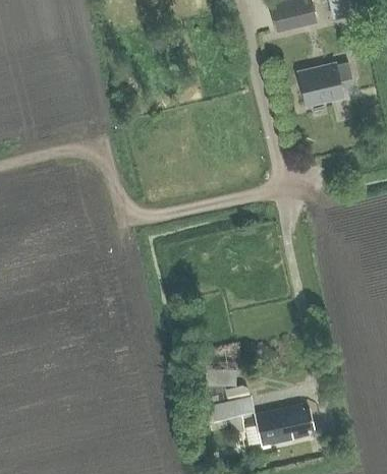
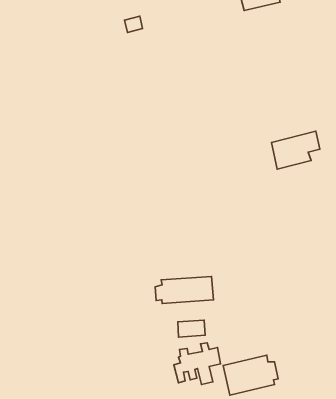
building: [300,64,352,105] -> [271,131,320,169]
building: none -> [155,276,213,304]

